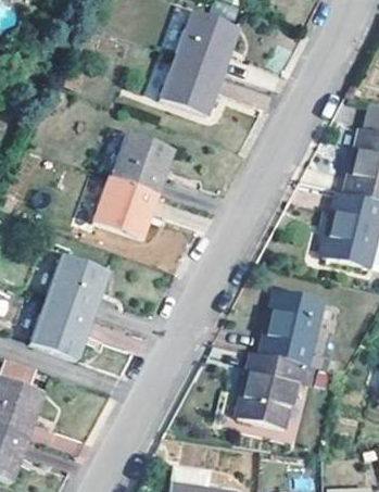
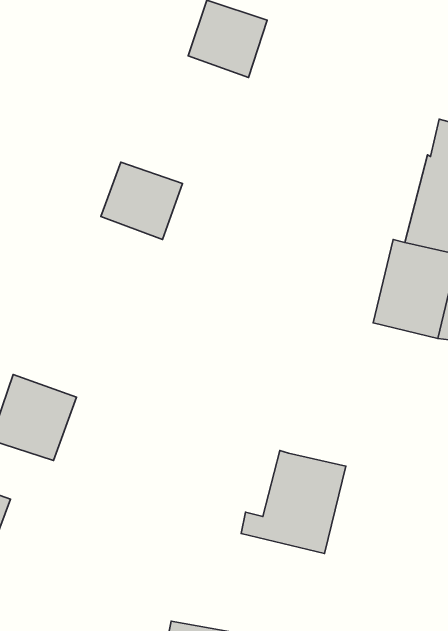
building: [164,53,226,113] -> none
building: [97,175,161,237] -> none
building: [48,255,110,312] -> none
building: [256,290,323,366] -> none

